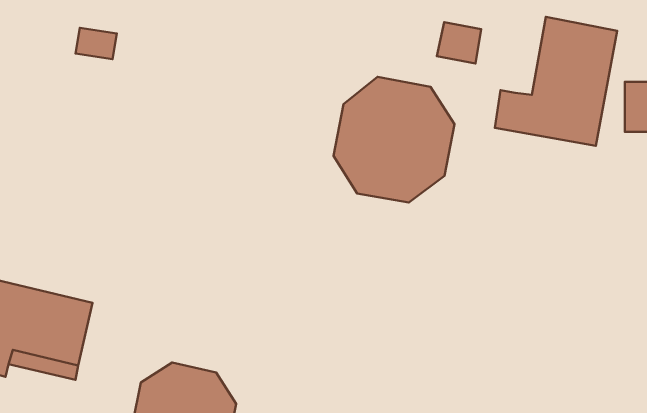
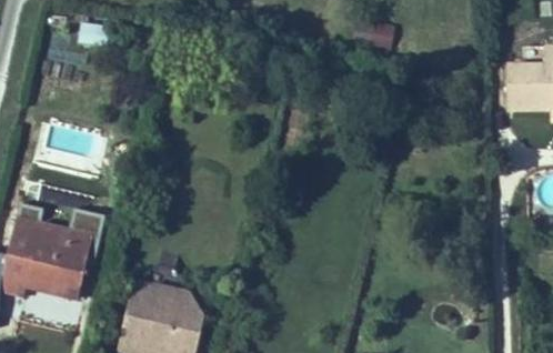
building: [495,17,617,146] -> none
building: [333,77,454,203] -> none

